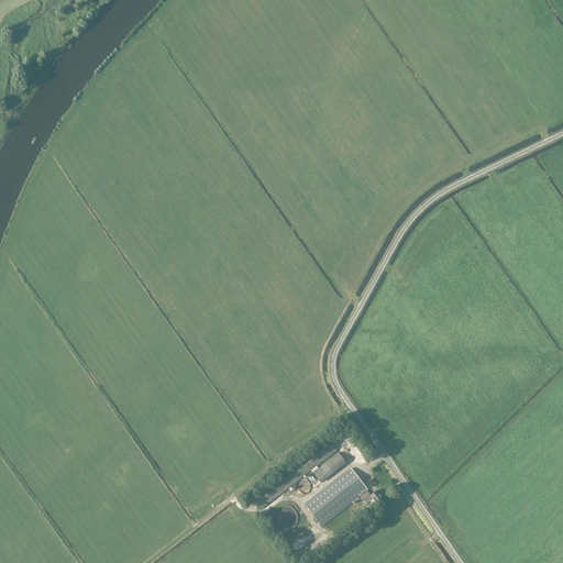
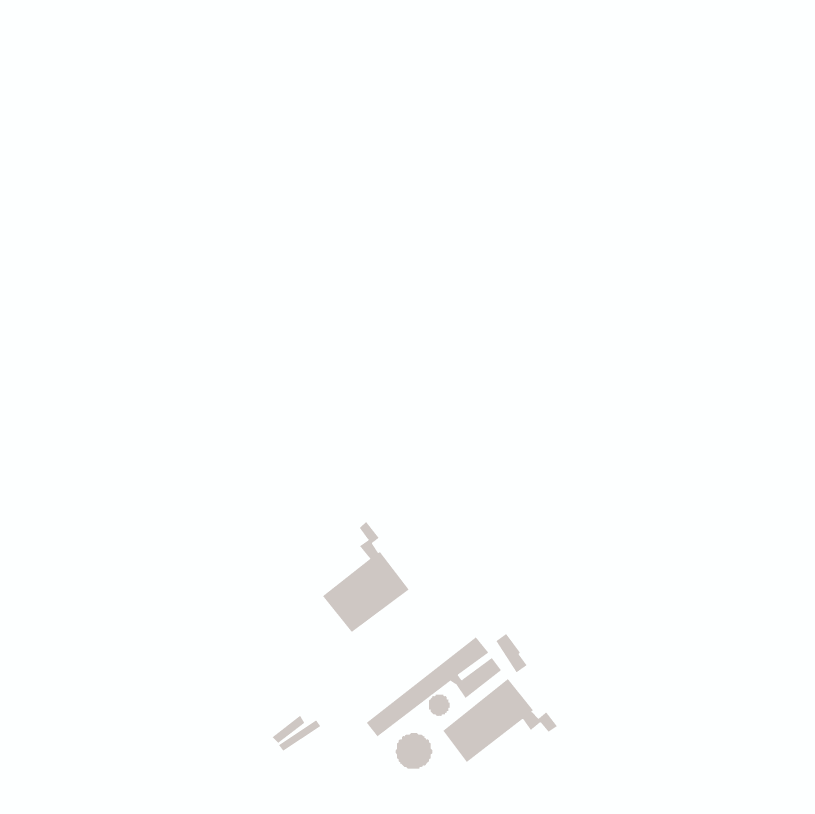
building: none -> [322,521,409,633]

